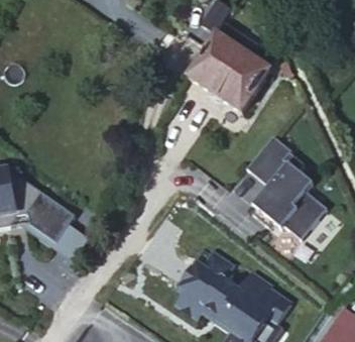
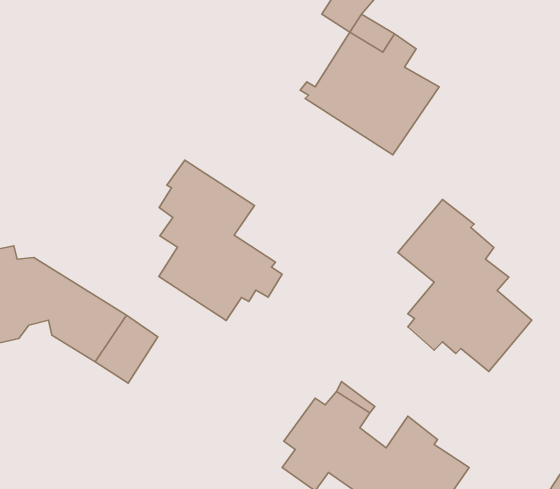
building: none -> [159,160,282,321]

